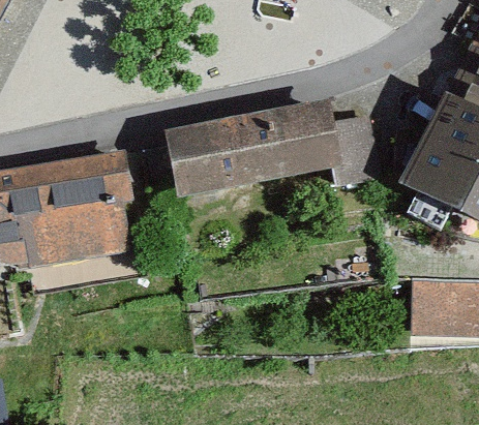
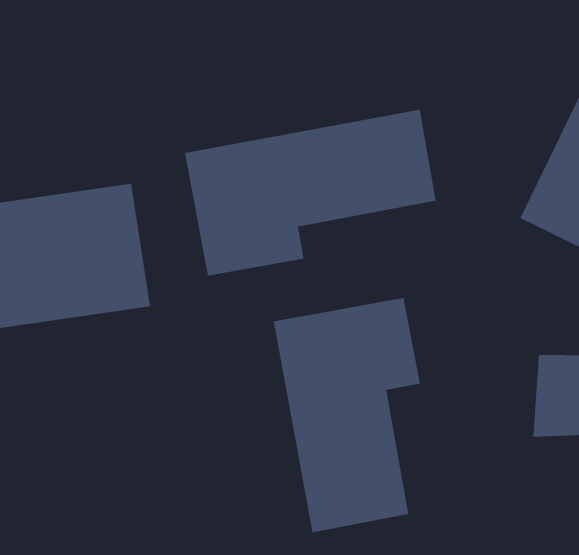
building: none -> [273,297,420,533]

